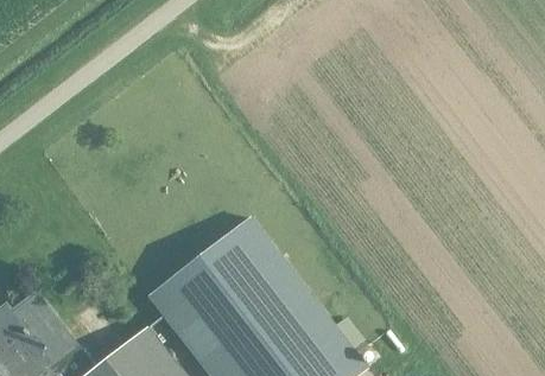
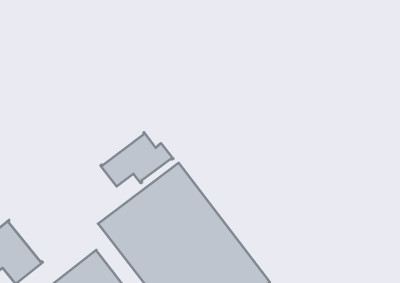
building: none -> [101,132,173,186]

